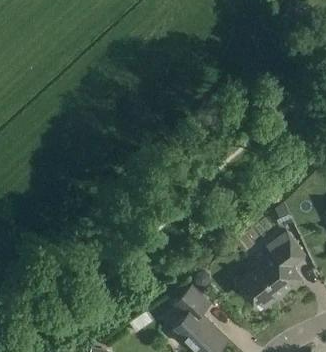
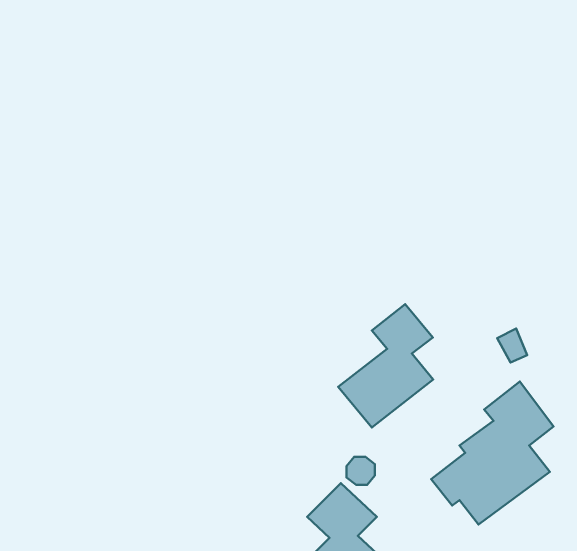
building: none -> [338,304,433,428]

